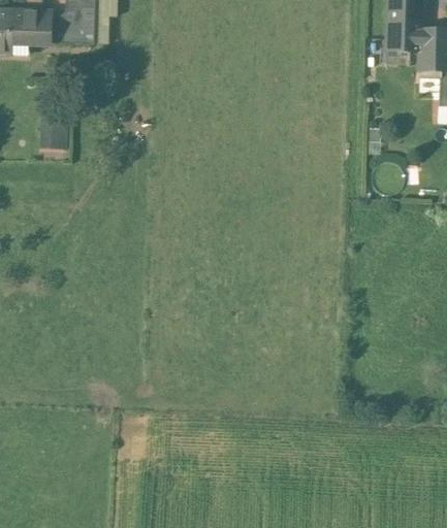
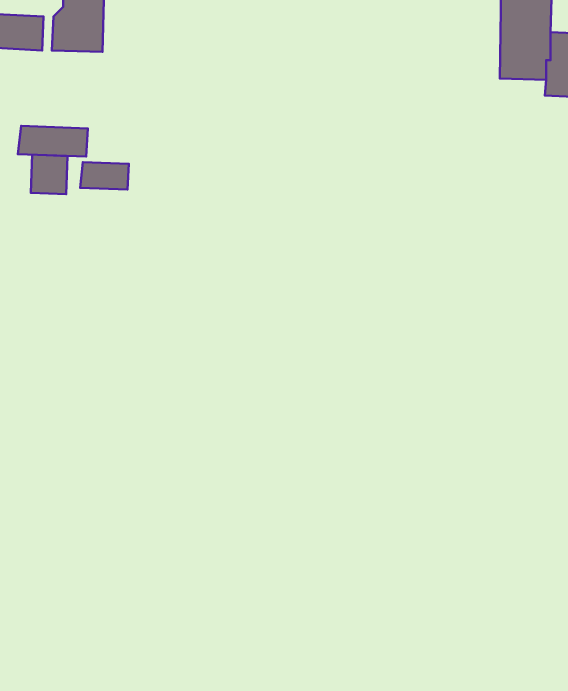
building: none -> [18,126,88,157]
building: none -> [80,162,129,190]

